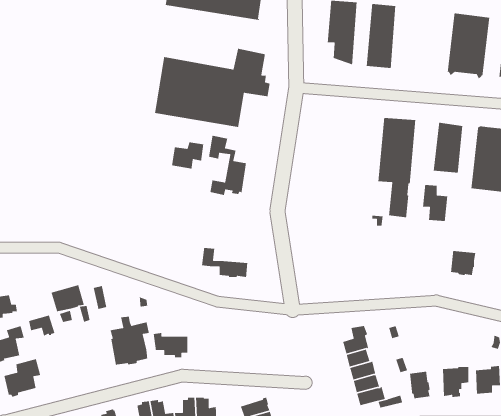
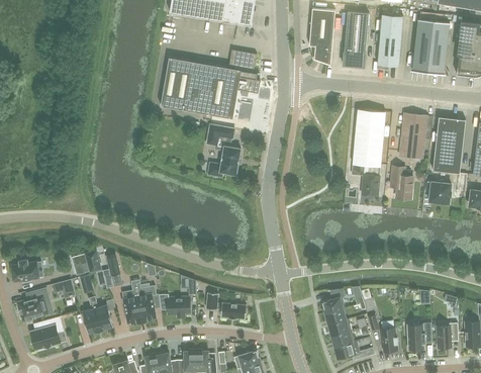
building: none -> [377,14,402,69]
building: [171,141,204,169] -> none
building: [201,247,248,278] -> [205,292,246,318]
building: [450,250,476,276] -> [428,182,451,204]
building: none -> [81,296,112,334]

